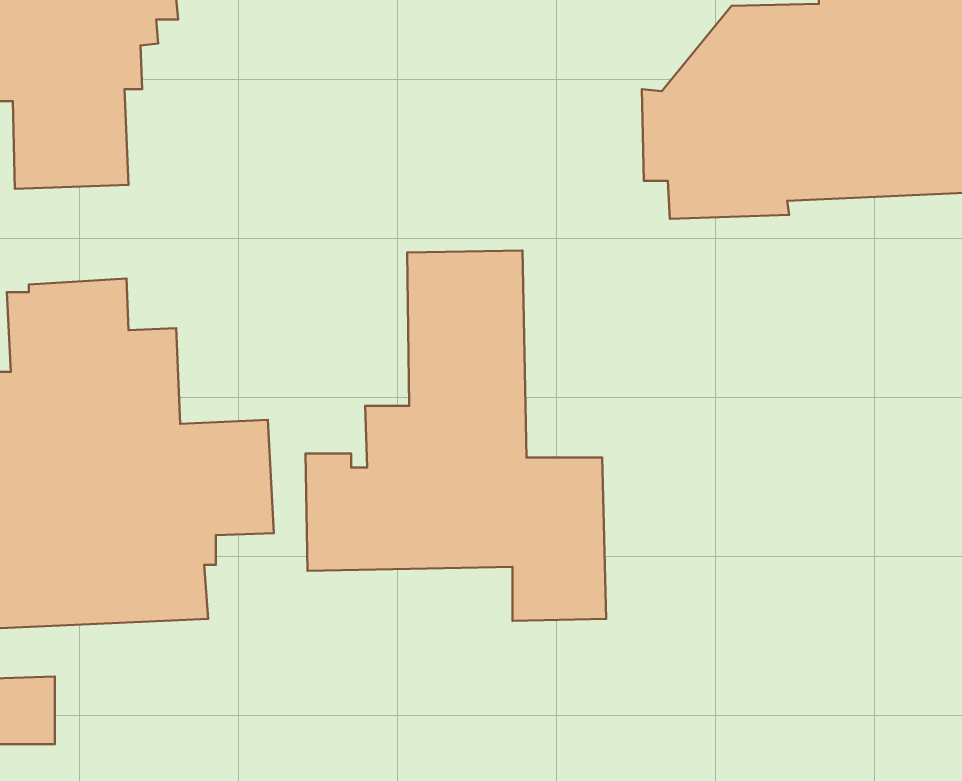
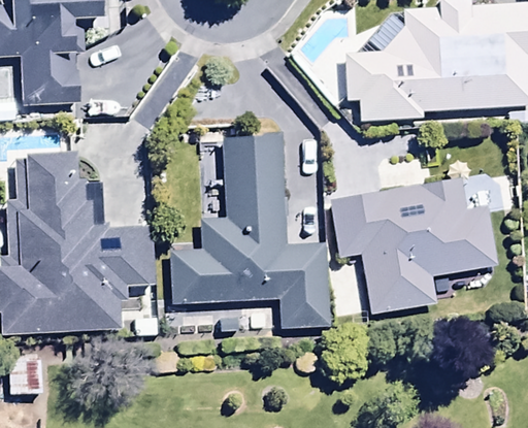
building: none -> [331,171,497,315]

